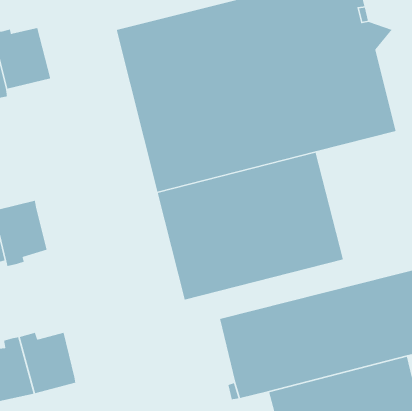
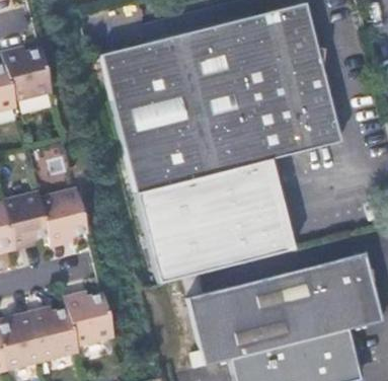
building: none -> [36,194,84,249]
building: none -> [57,293,105,347]

